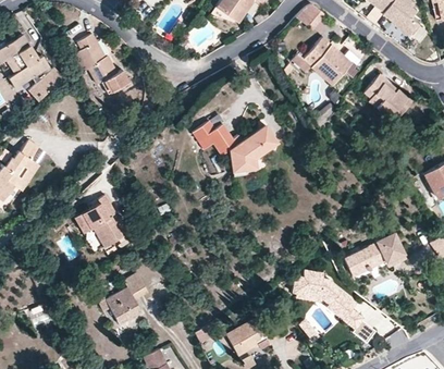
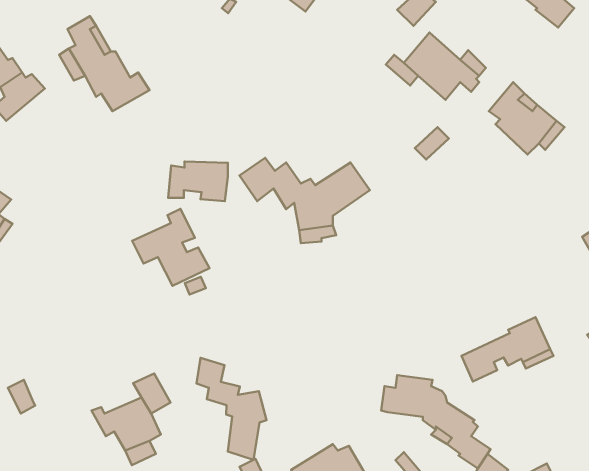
building: none -> [168,162,228,201]
building: [76,197,128,249] -> [132,209,209,286]
building: none -> [197,358,266,460]

